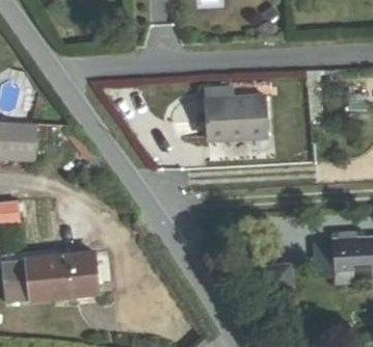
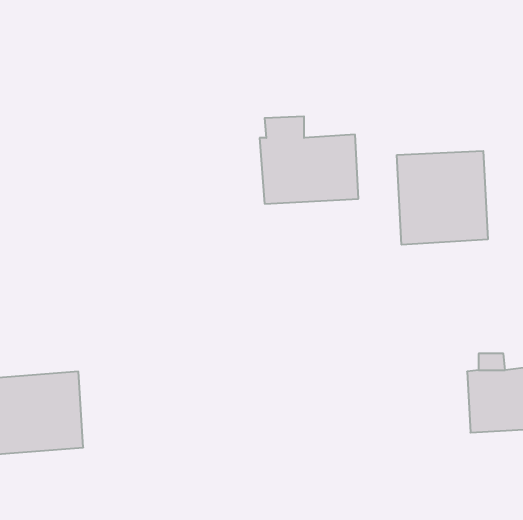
building: none -> [397,151,488,245]

